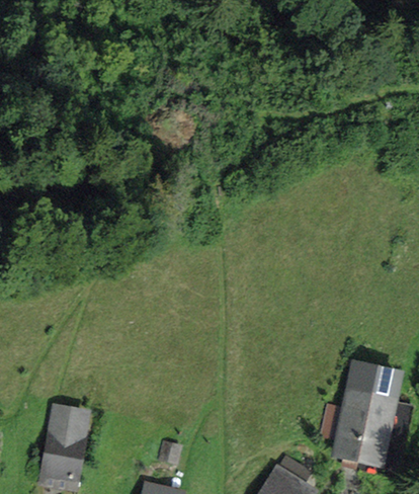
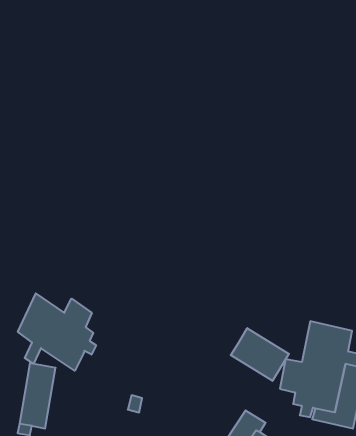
building: none -> [18,293,96,371]
building: none -> [231,328,289,381]

